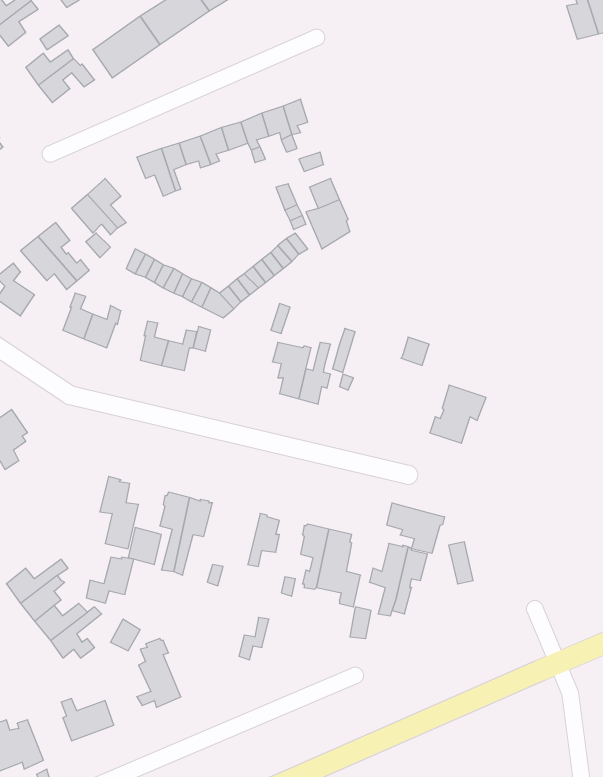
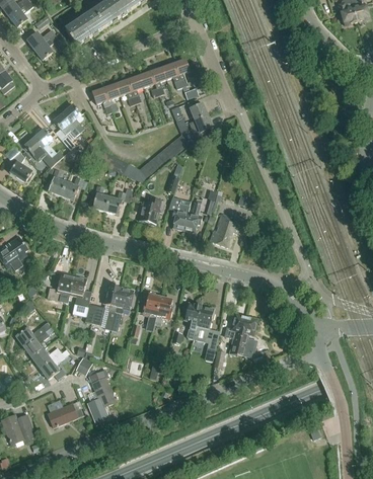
building: none -> [140,196,165,224]
building: [430,385,486,443] -> [210,213,242,246]
building: [387,503,445,553] -> none
building: none -> [143,294,162,331]
building: [86,557,134,603] -> [48,273,75,300]

